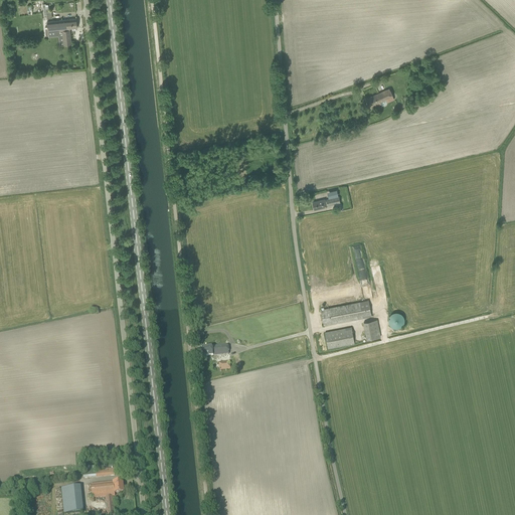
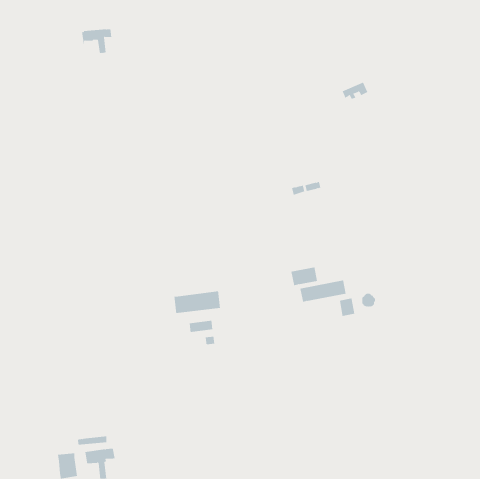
building: [44,18,77,44] -> [81,29,112,53]
building: none -> [174,291,220,314]
building: [325,327,354,347] -> [291,267,318,286]

